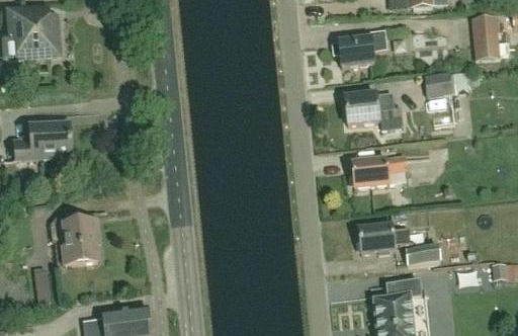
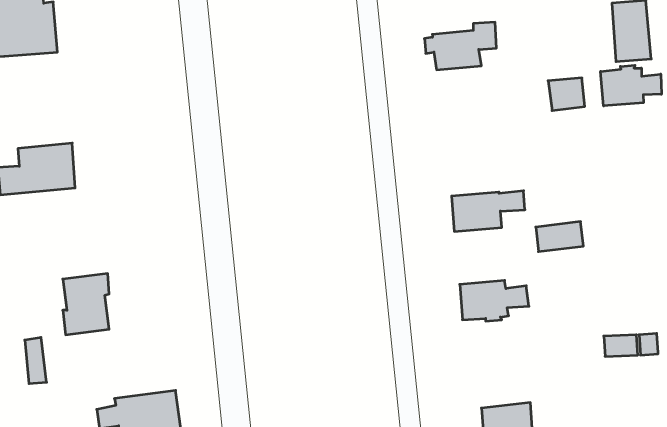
building: none -> [601,65,661,106]
building: [344,93,393,124] -> none
building: [406,243,441,265] -> [536,222,583,252]
building: [372,279,420,318] -> none

